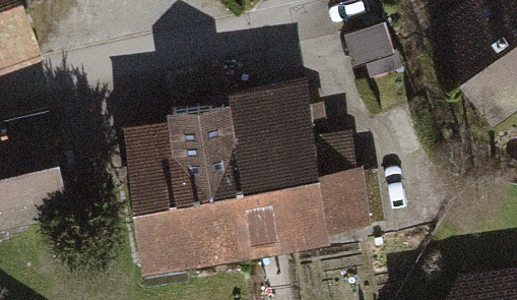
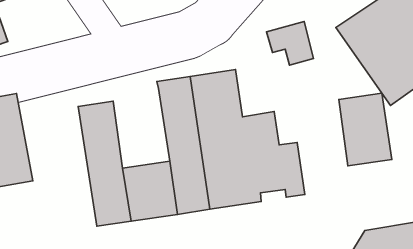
building: [157,108,225,202] -> none
building: none -> [339,93,392,166]

